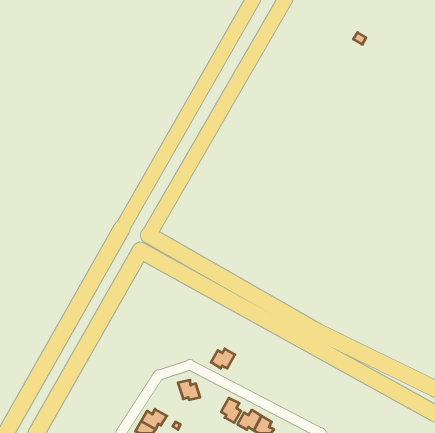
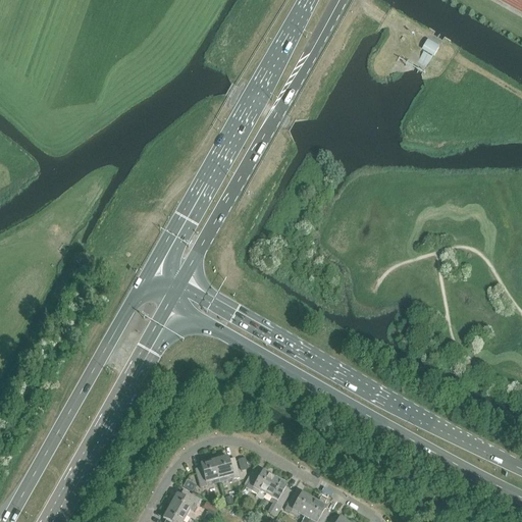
building: [211,349,235,368] -> [246,469,274,492]
building: none -> [196,458,219,486]

